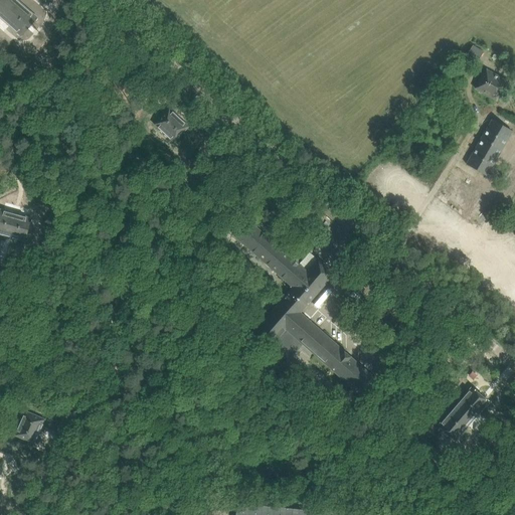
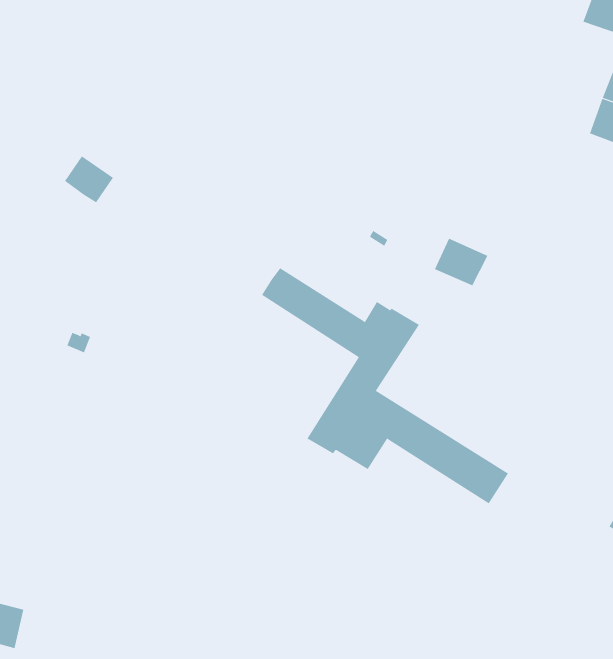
building: [155,108,188,141] -> [64,155,114,203]
building: none -> [434,238,488,286]

